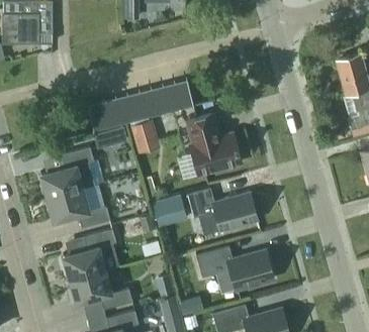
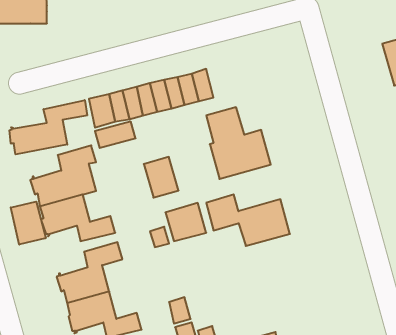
building: none -> [9,100,87,154]
building: [130,120,160,154] -> [144,157,179,198]
building: none -> [11,202,46,245]
building: [196,246,274,295] -> none

